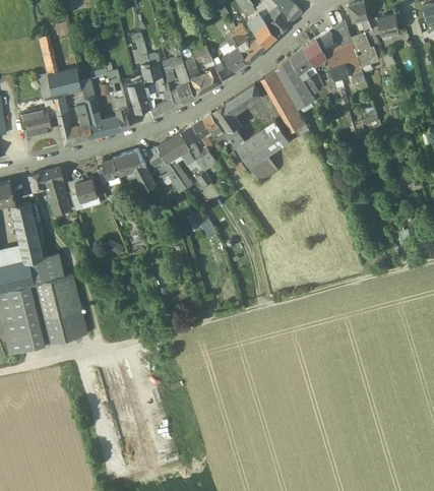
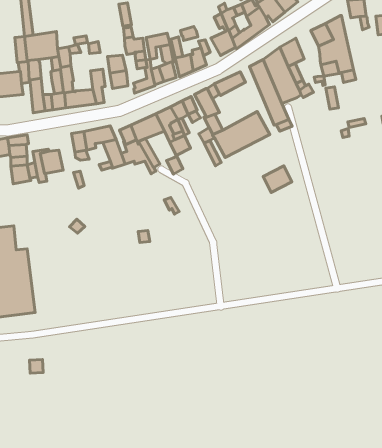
building: [350,36,376,67] -> none
building: [303,39,327,66] -> none
building: [249,156,276,182] -> [263,166,292,192]

